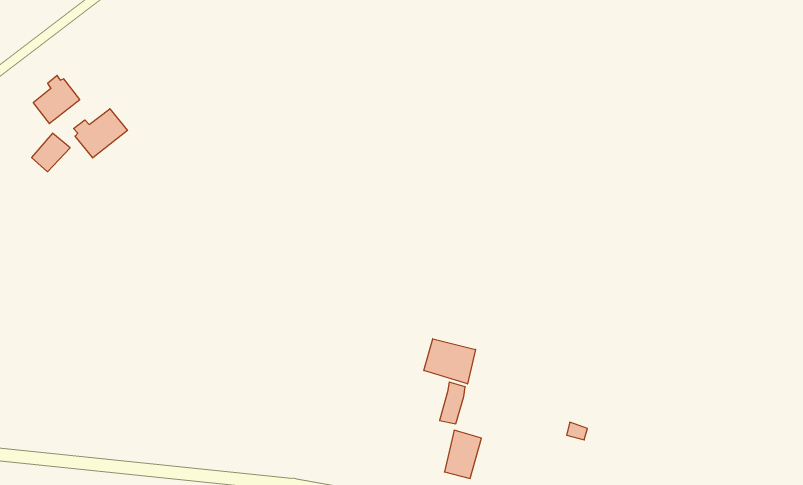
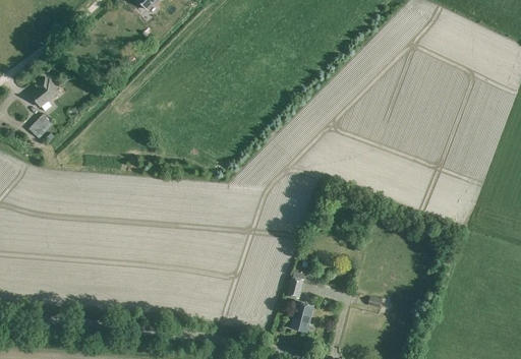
building: [74,109,127,158] -> none
building: [424,339,476,384] -> none

